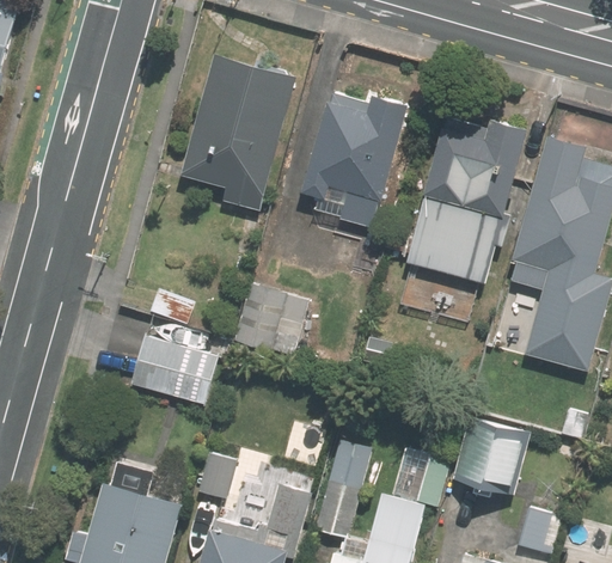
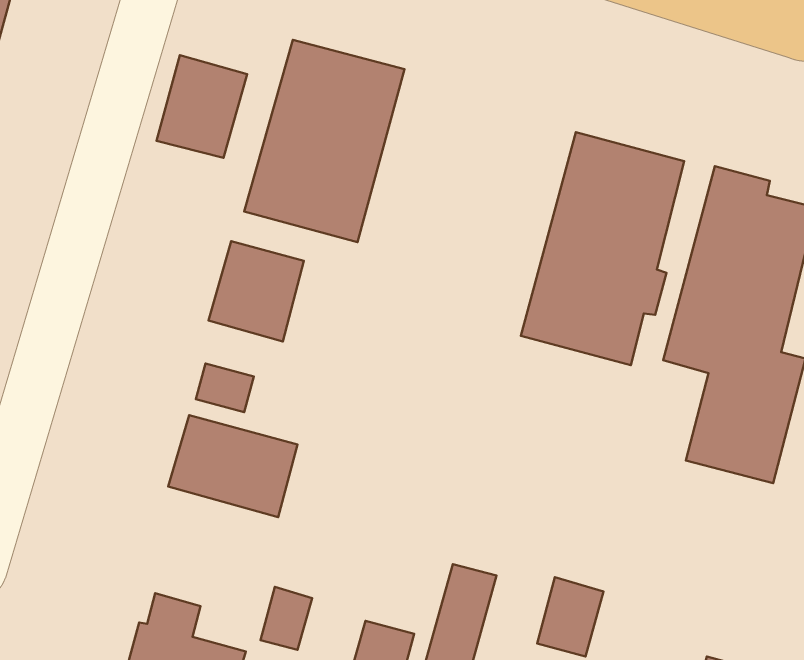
building: none -> [157,55,247,158]
building: [293,98,397,227] -> none
building: [237,284,307,359] -> [208,241,304,342]
building: [454,412,536,496] -> none

